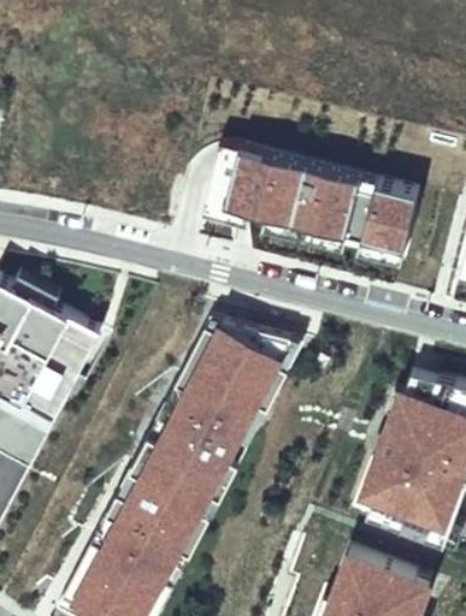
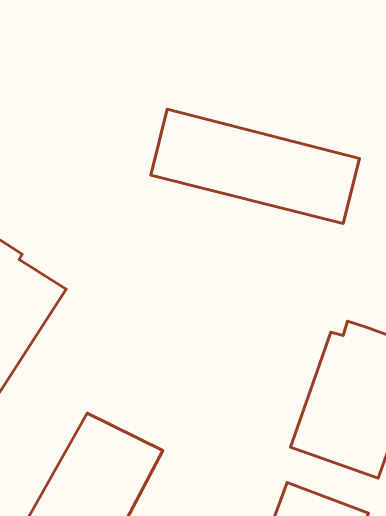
building: [130,314,308,515] -> none

